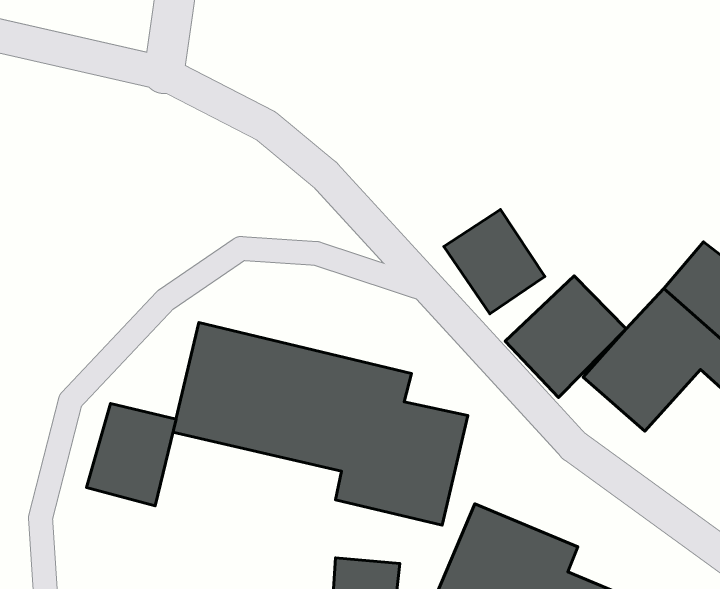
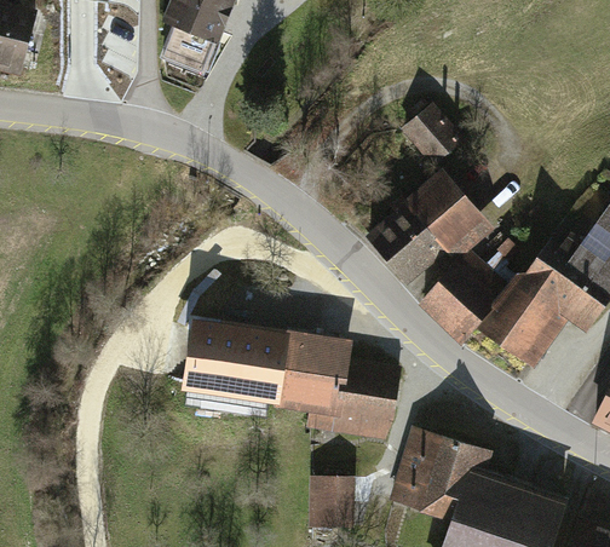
building: none -> [402,104,462,166]
building: none -> [404,169,495,263]
building: [87,404,176,506] -> none

